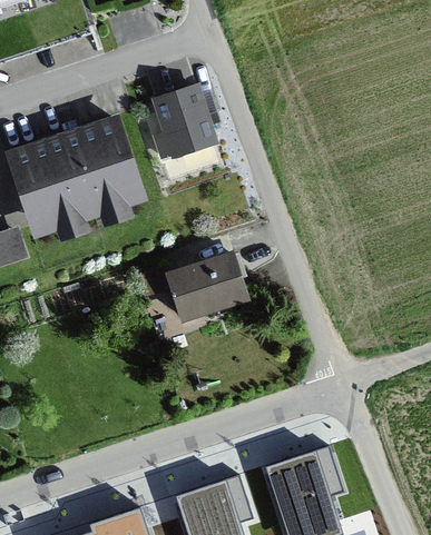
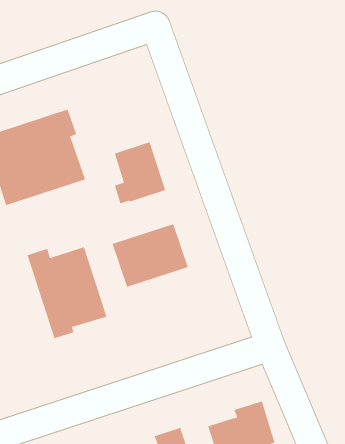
building: [155,89,213,159] -> [114,141,166,204]
building: none -> [26,246,107,339]

